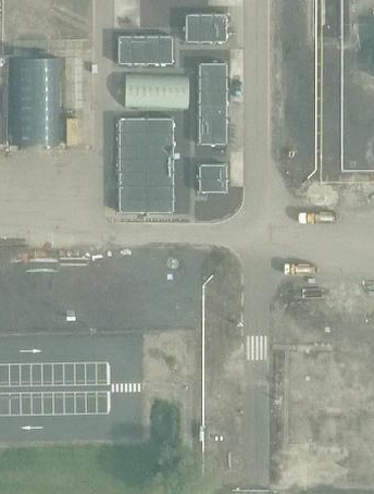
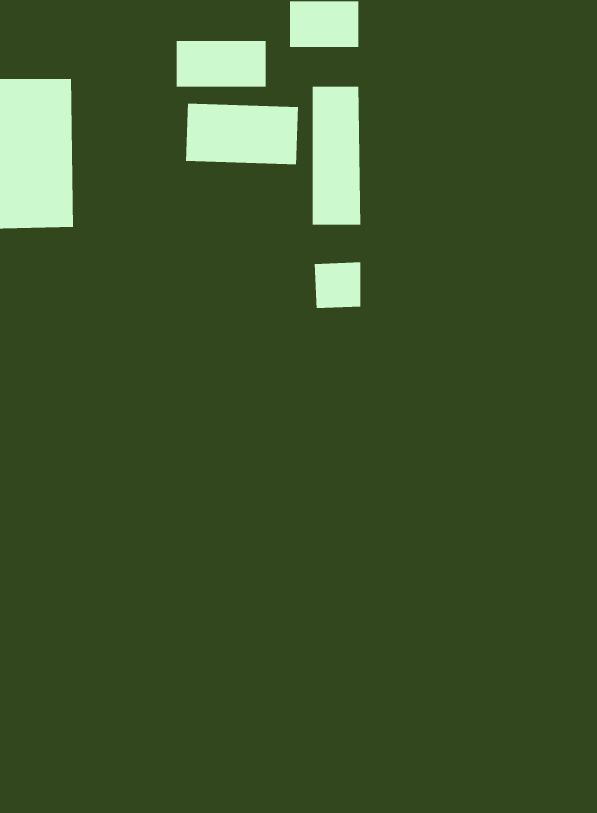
building: [119,119,173,212] -> none

